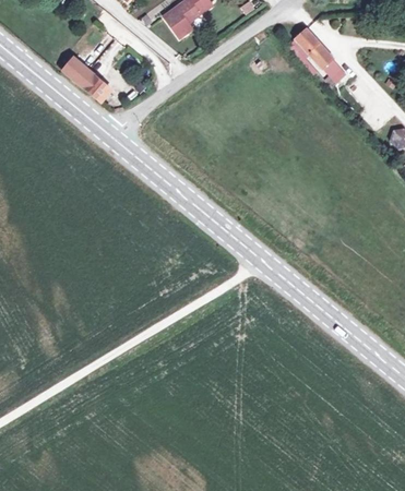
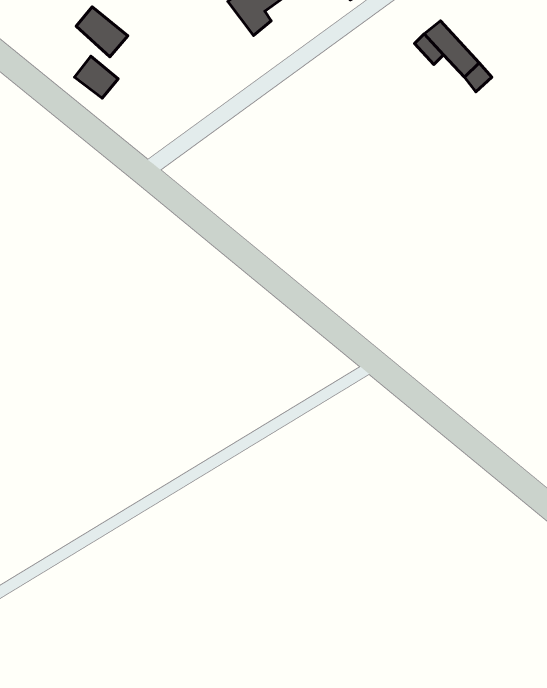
building: [78,69,112,103] -> [76,7,128,57]

